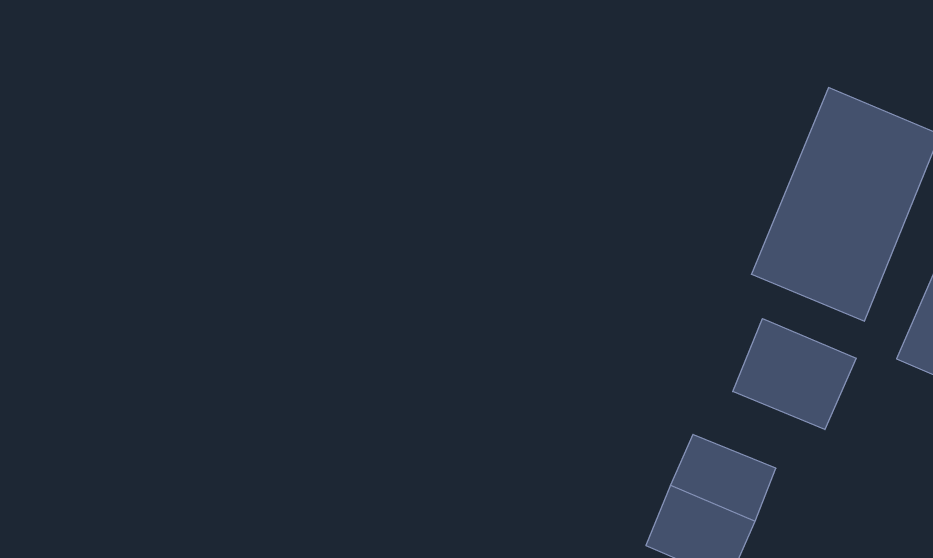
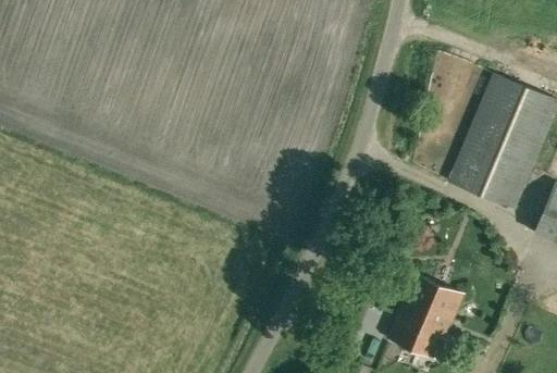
building: [733,319,856,430] -> none

